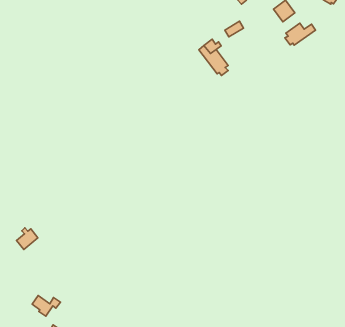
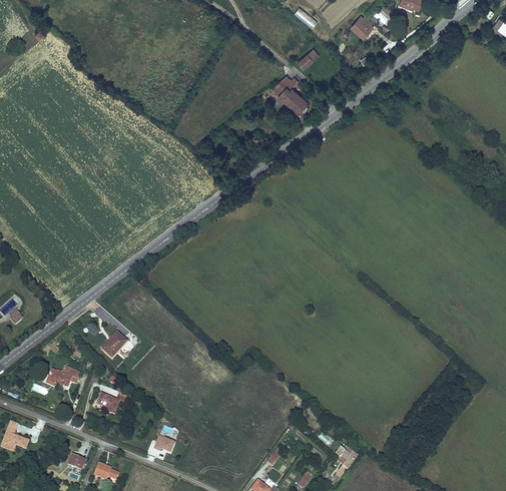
building: [285,23,315,45] -> none
building: [32,296,60,316] -> [94,389,126,412]

